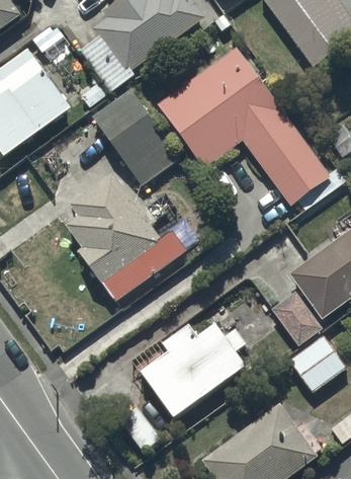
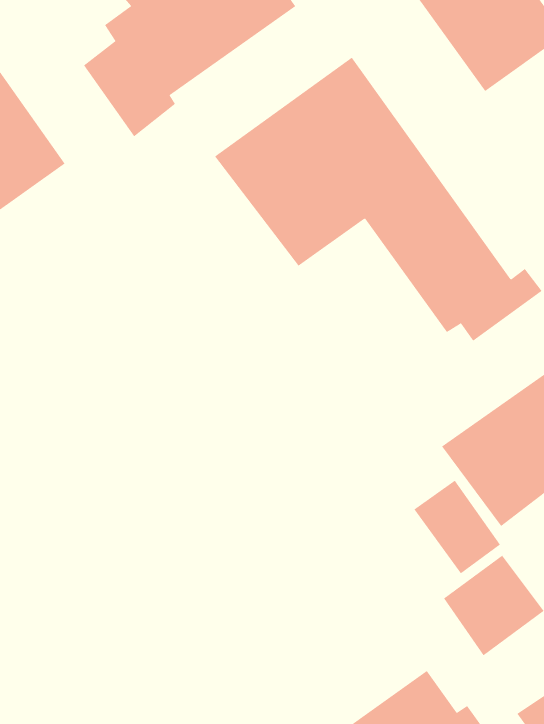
building: [92,91,177,185] -> none
building: [66,173,186,302] -> none
building: [140,324,248,422] -> none

